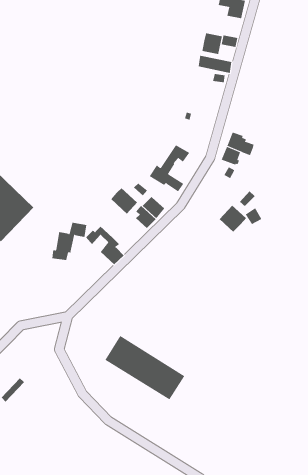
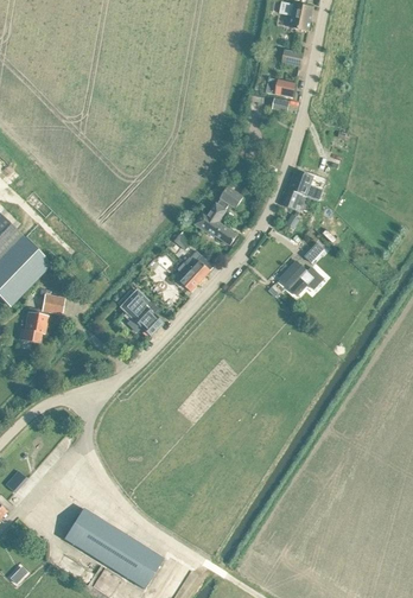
building: [202,32,223,55] -> none
building: [110,187,138,214] -> none
building: [52,222,87,260] -> [20,295,64,343]
building: [104,335,185,400] -> [64,508,164,589]

